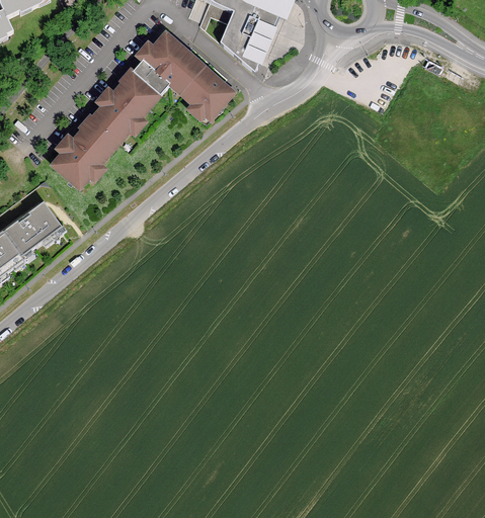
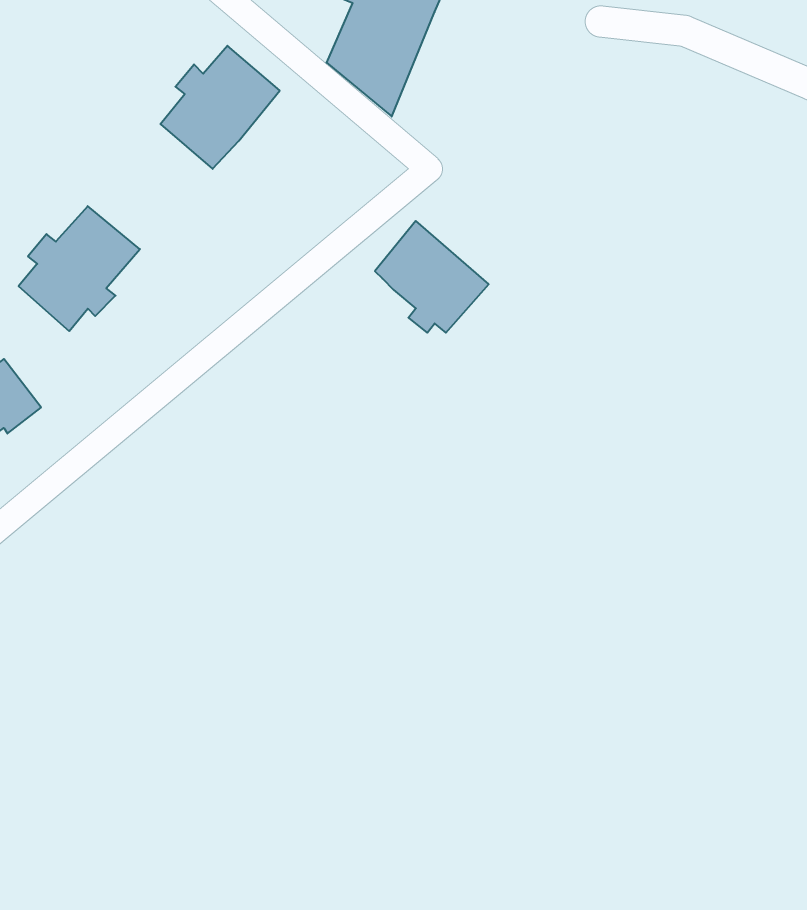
building: [172,56,234,116] -> [375,221,489,333]
building: [90,74,158,142] -> none

